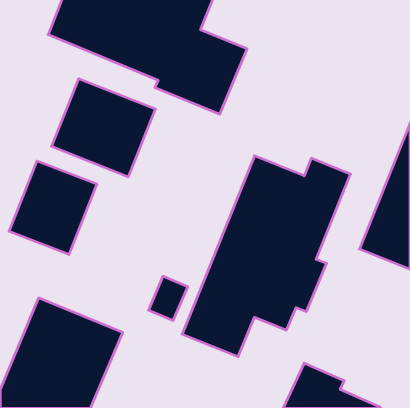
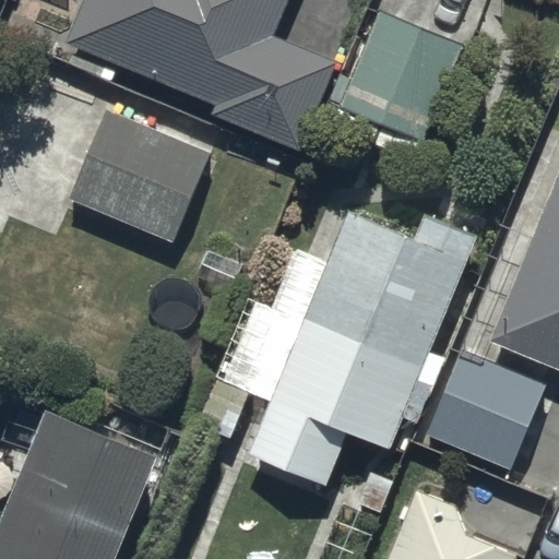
building: none -> [342,7,467,139]
building: [9,161,97,255] -> none
building: none -> [423,350,545,473]

